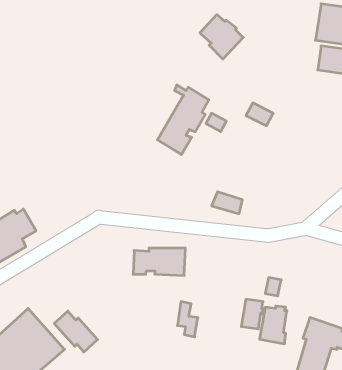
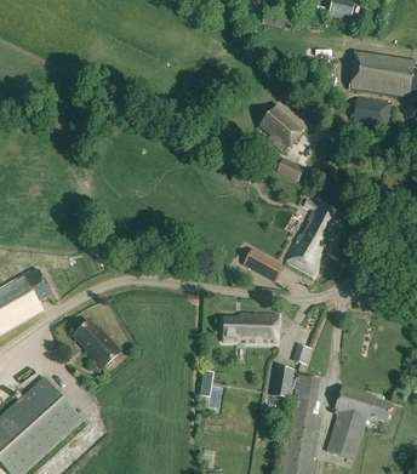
building: [200,15,243,59] -> [258,104,304,152]
building: [157,85,209,155] -> [286,198,341,272]
building: [133,248,185,275] -> [223,313,279,342]
building: [54,311,98,352] -> [74,320,120,364]

